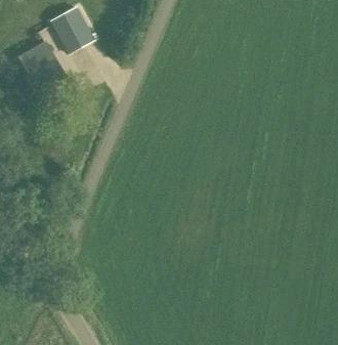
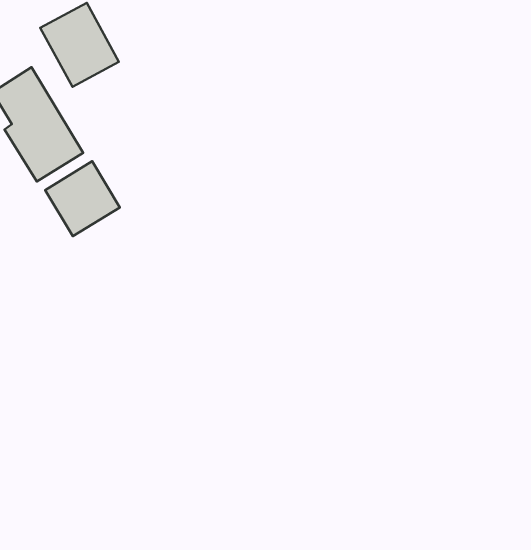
building: none -> [45,161,120,236]

